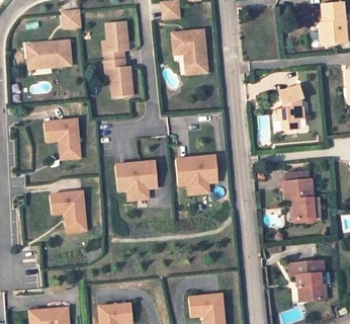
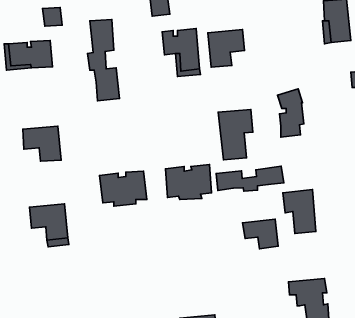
building: none -> [208,29,244,67]
building: none -> [218,110,253,160]
building: none -> [216,166,284,191]
building: none -> [243,219,278,249]

